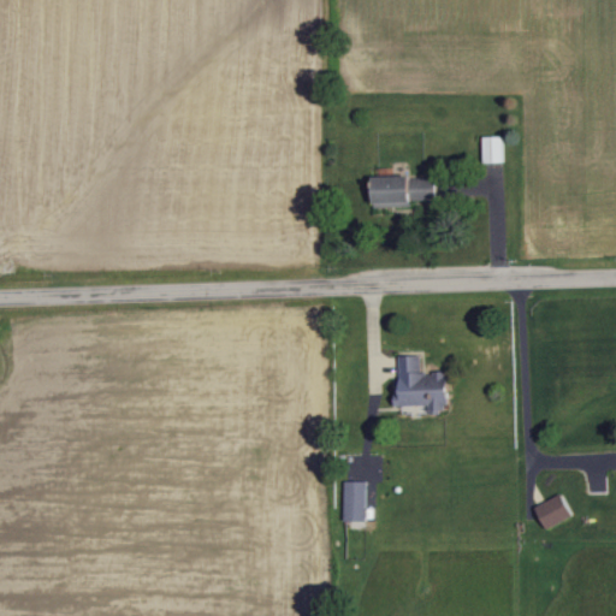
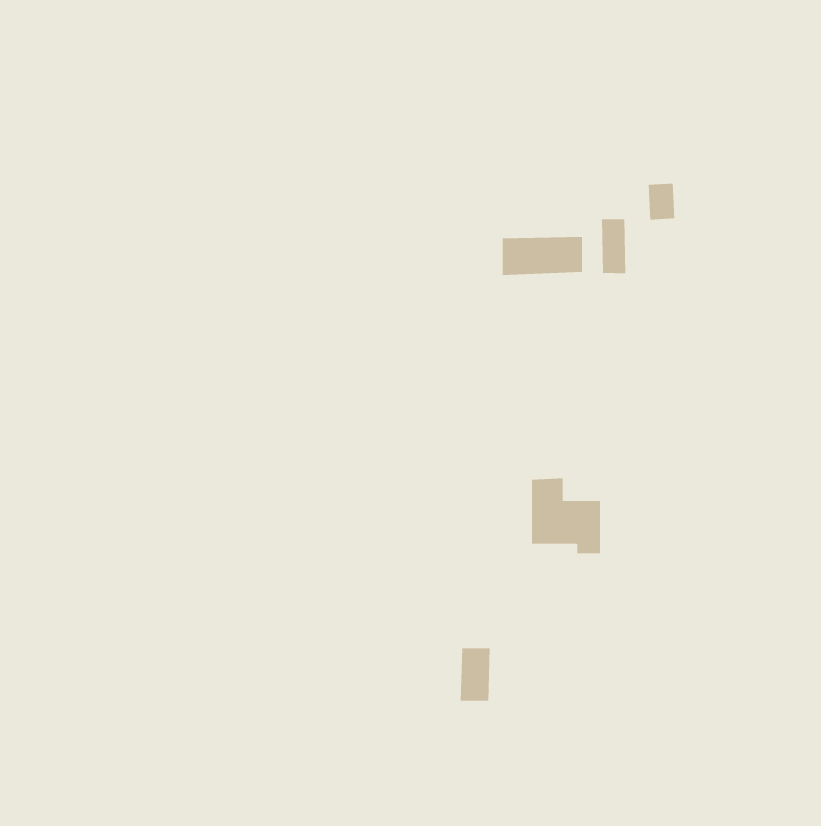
building: none -> [602,218,626,274]
building: [533,494,570,531] -> none

